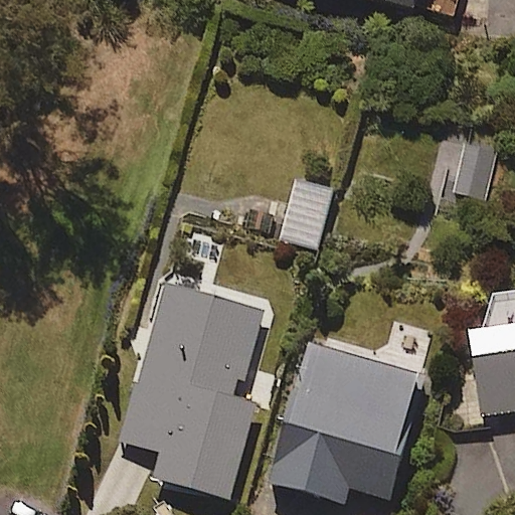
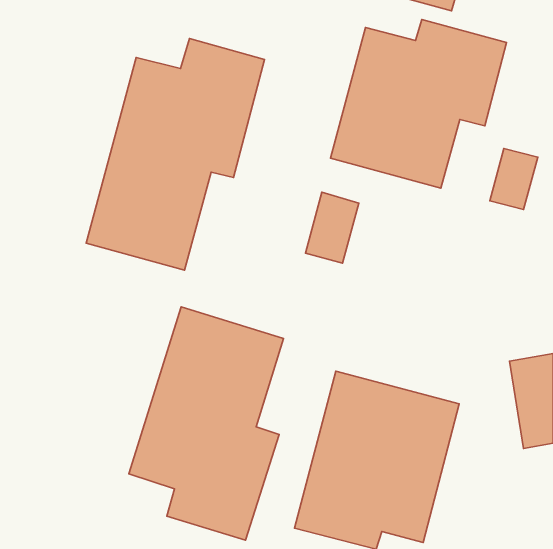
building: none -> [330,19,506,188]
building: none -> [86,39,265,270]

